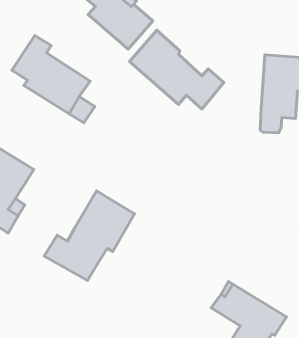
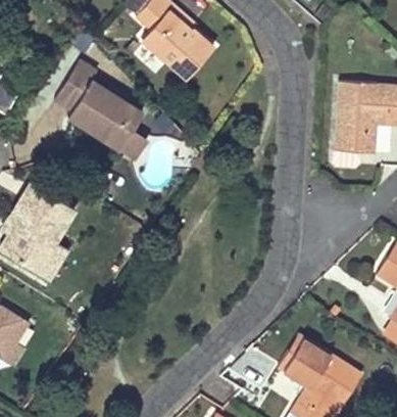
building: [129,30,224,109] -> none
building: [44,191,135,280] -> none

